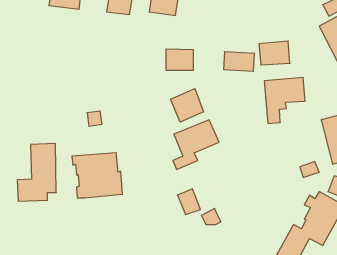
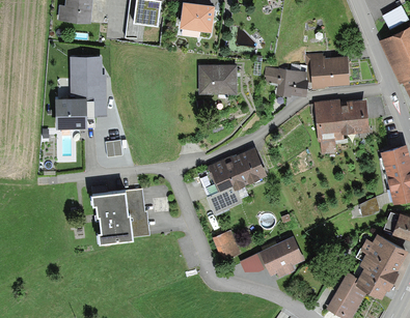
building: [171,89,204,122] -> none
building: [17,144,56,201] -> [58,59,104,126]
building: none -> [261,235,305,277]

